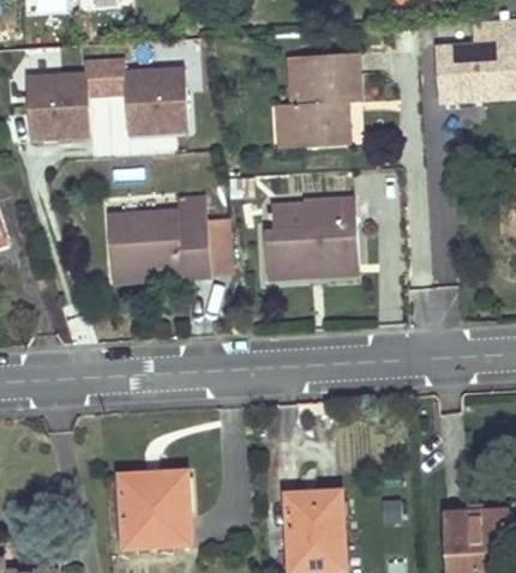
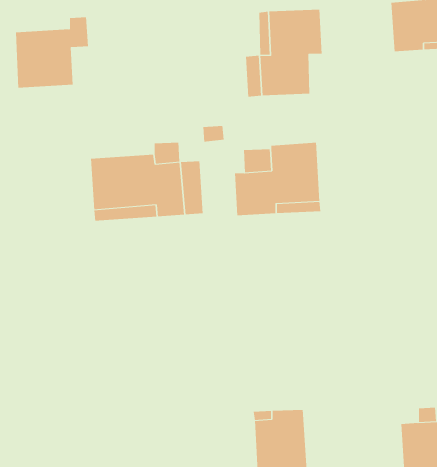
building: [103,61,187,134] -> none
building: [119,471,190,547] -> none

